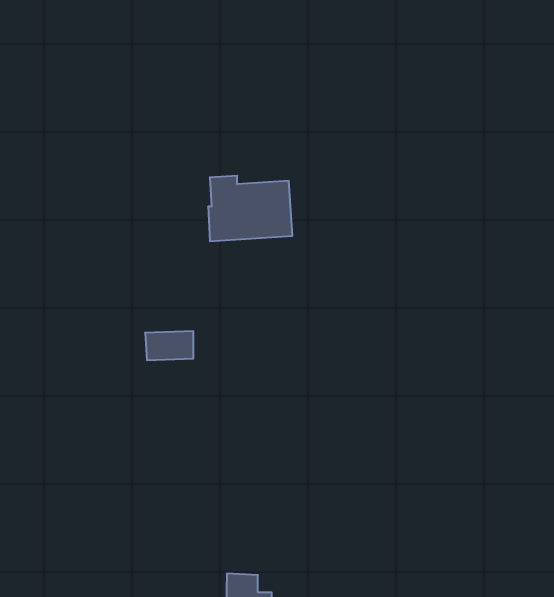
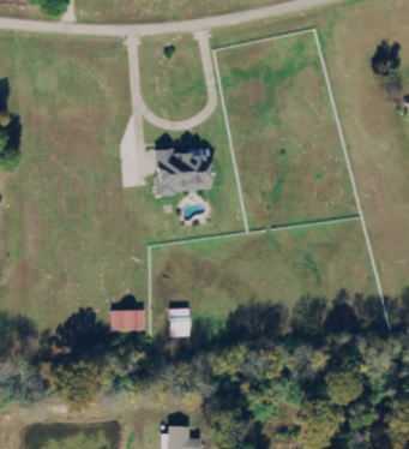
building: [145,331,193,360] -> [112,310,145,330]
building: none -> [169,307,190,337]

